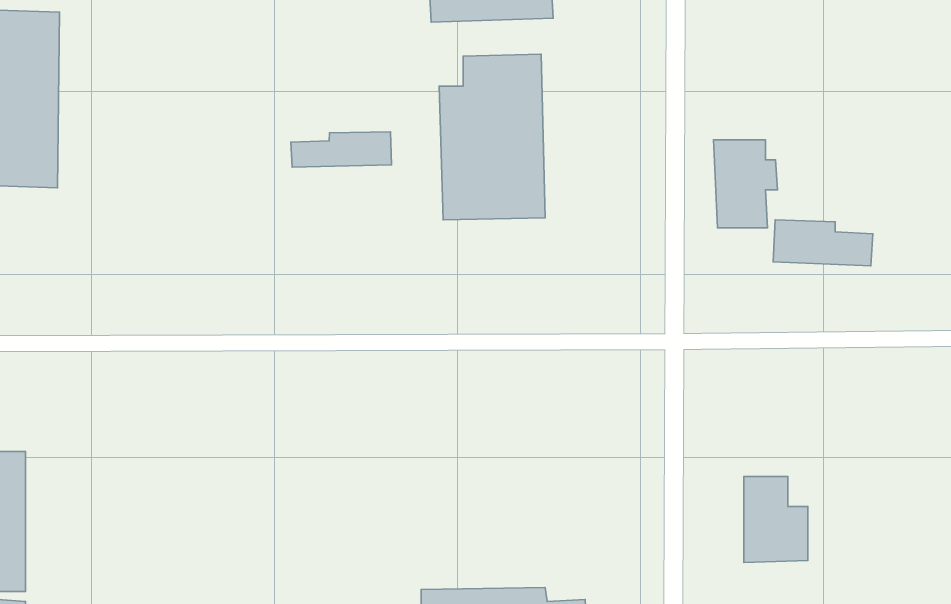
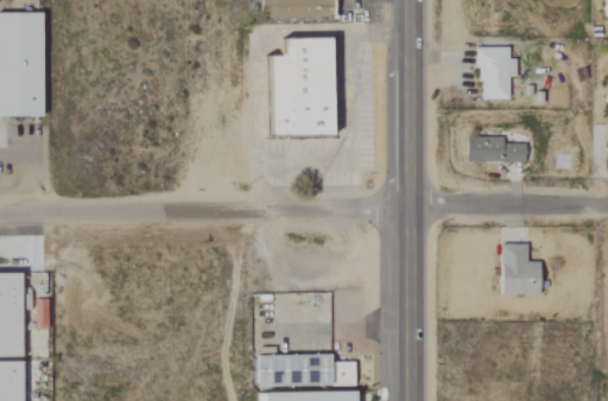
building: [291,132,391,167] -> none
building: [713,140,777,228] -> [481,46,519,98]
building: [744,477,808,562] -> [504,243,542,294]

